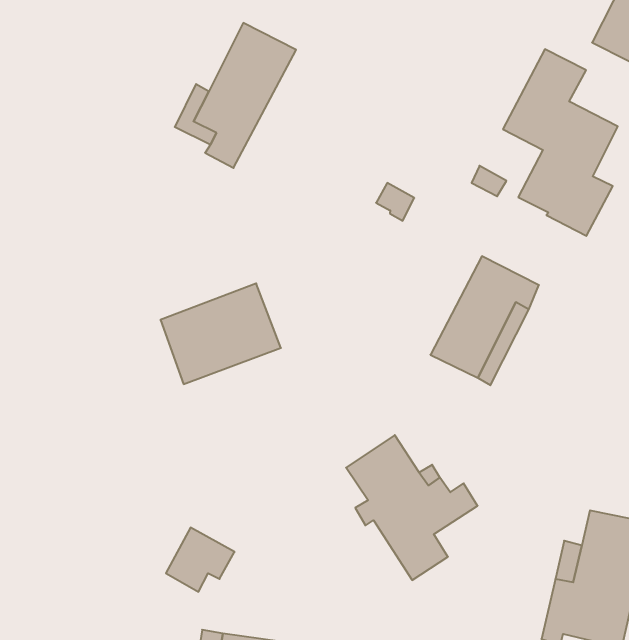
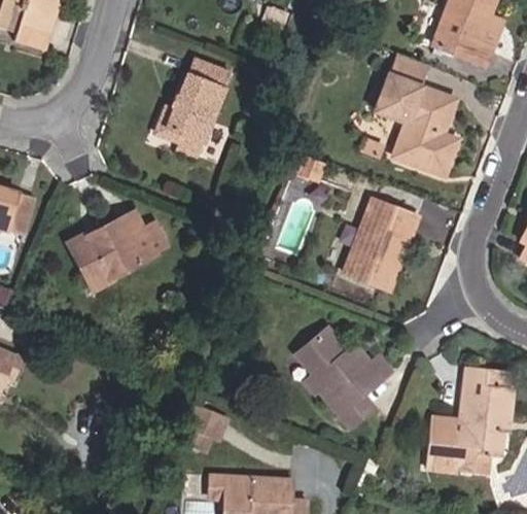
building: [160,283,281,384] -> [70,212,154,286]

